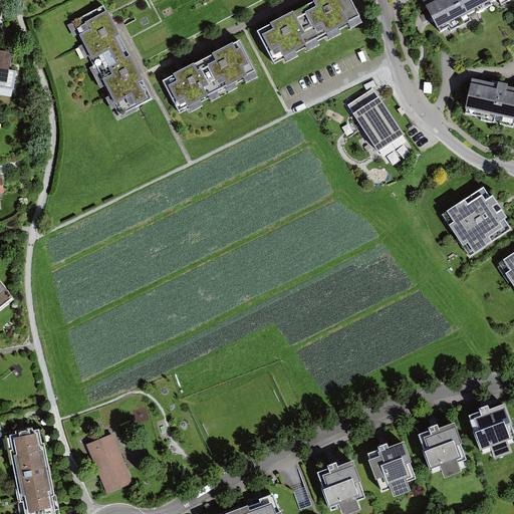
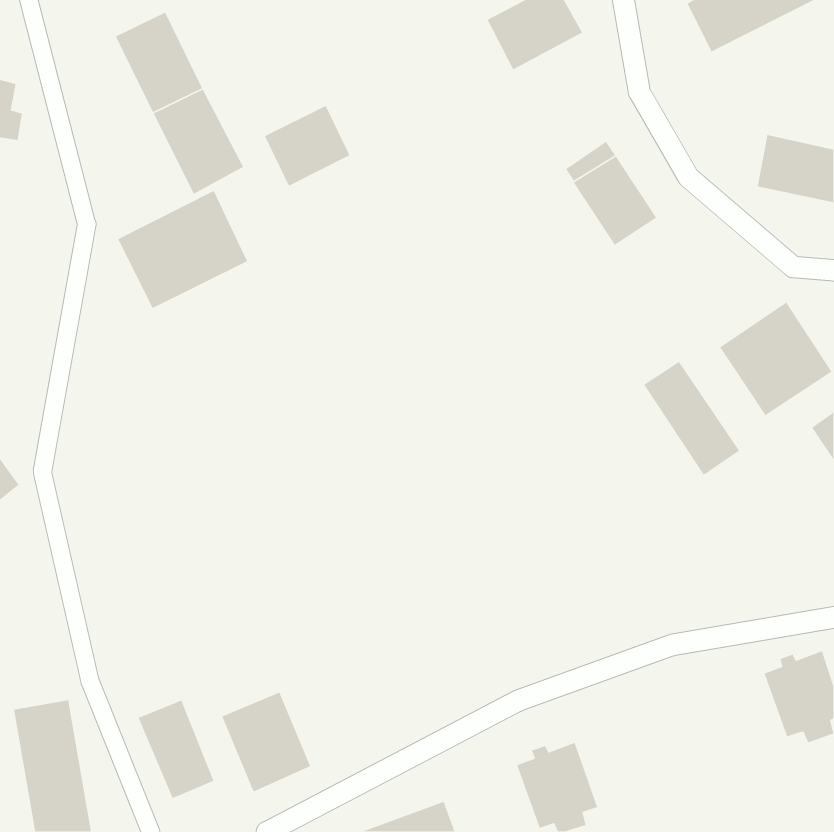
building: [254,12,314,66] -> none
building: [200,44,255,95] -> none
building: none -> [117,190,248,309]
building: none -> [643,361,740,476]
building: [417,419,467,476] -> none
building: none -> [221,691,311,792]
building: [367,442,414,497] -> none

